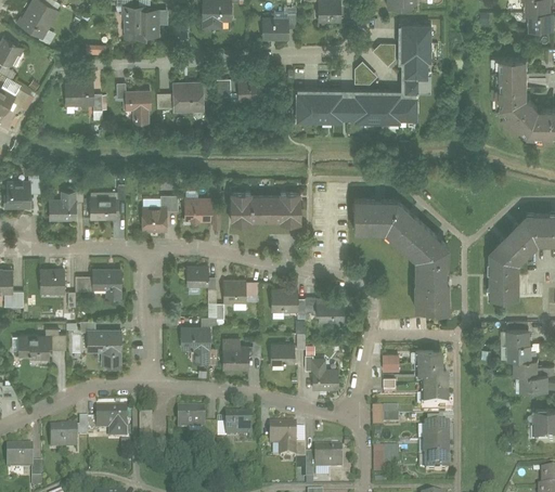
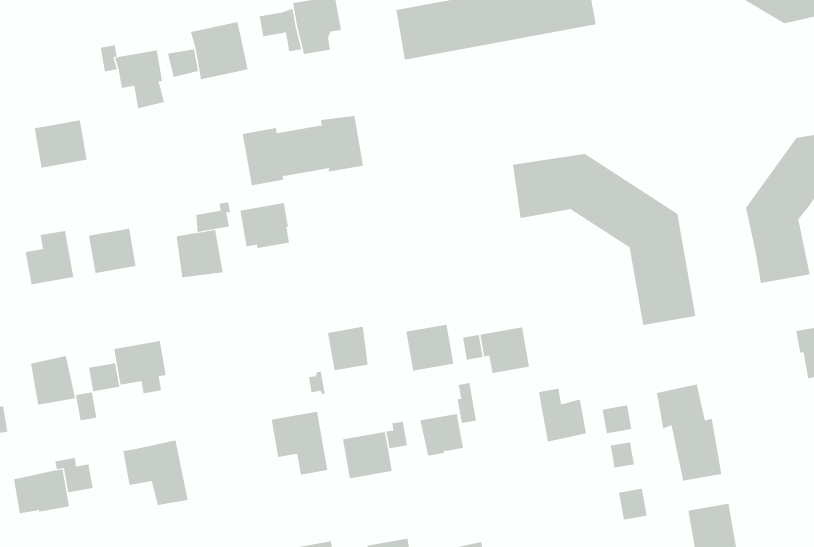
building: [65,81,94,106] -> [34,120,88,168]
building: [230,191,300,223] -> [242,116,364,186]
building: [185,264,208,286] -> none
building: [312,359,337,390] -> [538,388,587,442]

